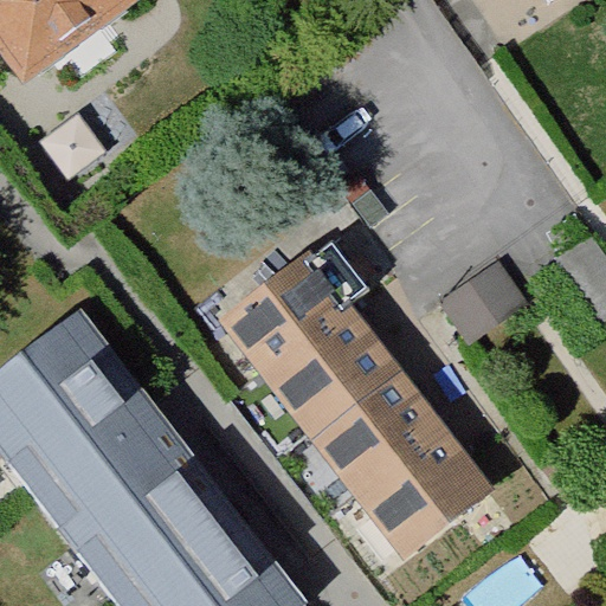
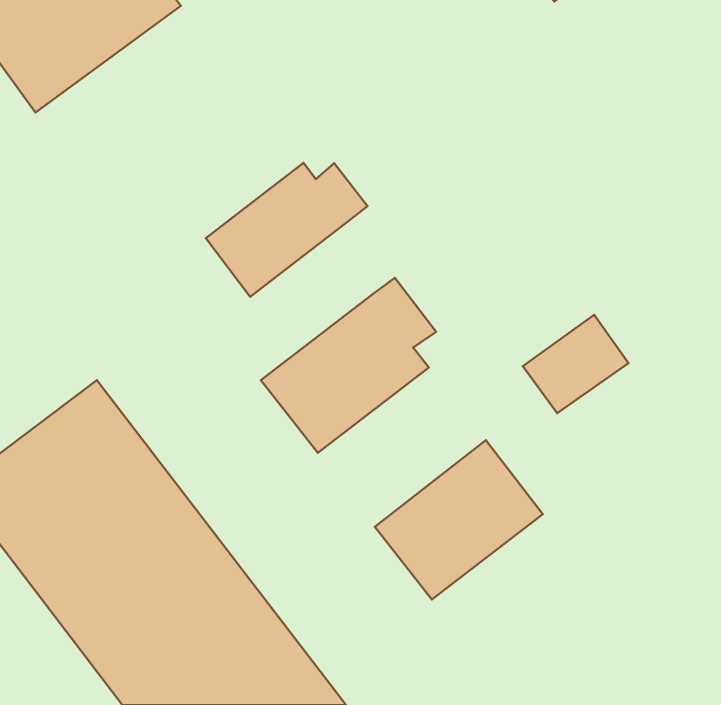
building: none -> [206,163,367,297]
building: [264,305,404,438] -> none
building: [359,427,497,559] -> none

